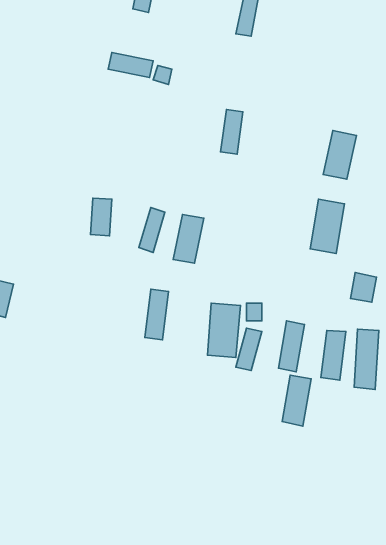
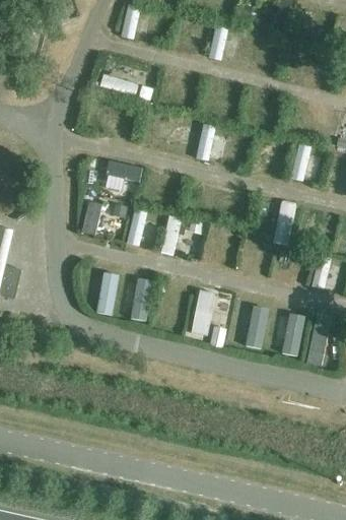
building: none -> [105,160,142,182]
building: none -> [98,271,117,314]
building: [282,375,311,426] -> none

